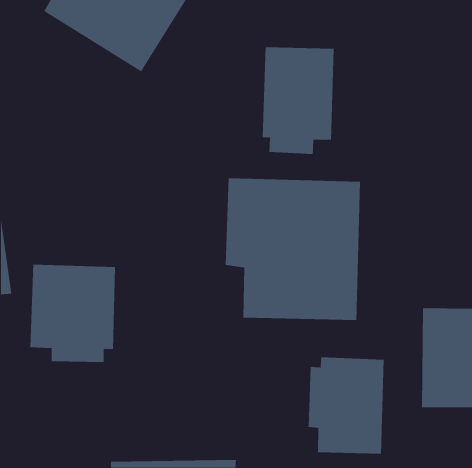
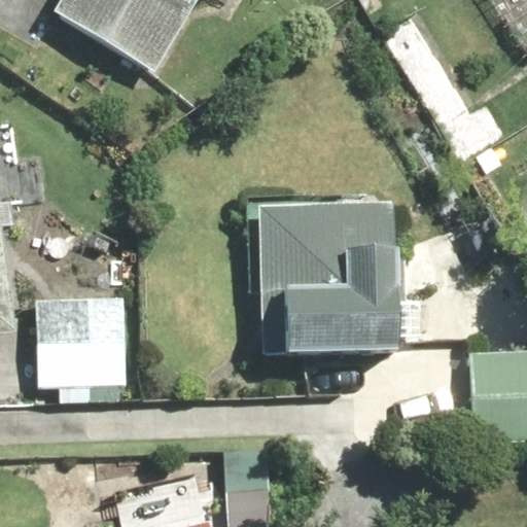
building: [262,46,334,155] -> none
building: [308,356,384,454] -> none

